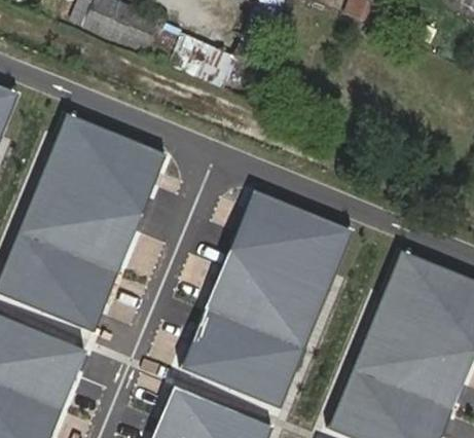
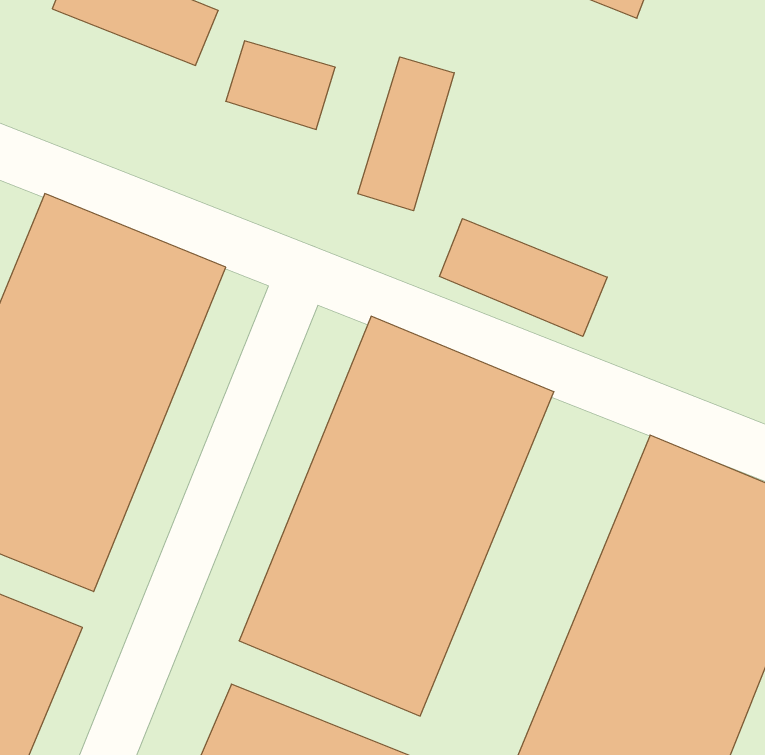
building: none -> [358,57,454,211]
building: none -> [439,219,607,336]

